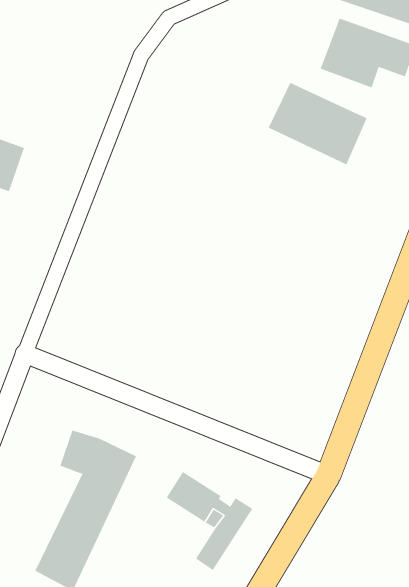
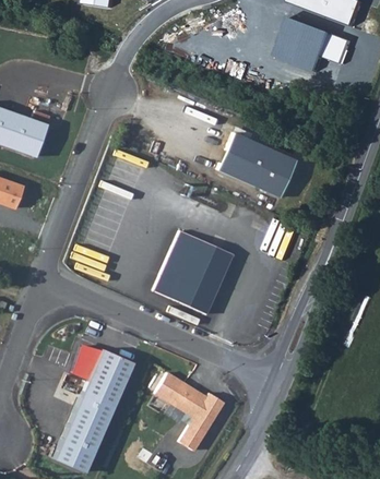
building: [268,82,367,165] -> [216,132,295,197]
building: none -> [153,229,234,313]

